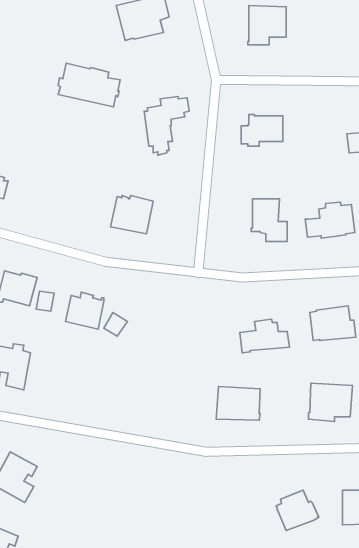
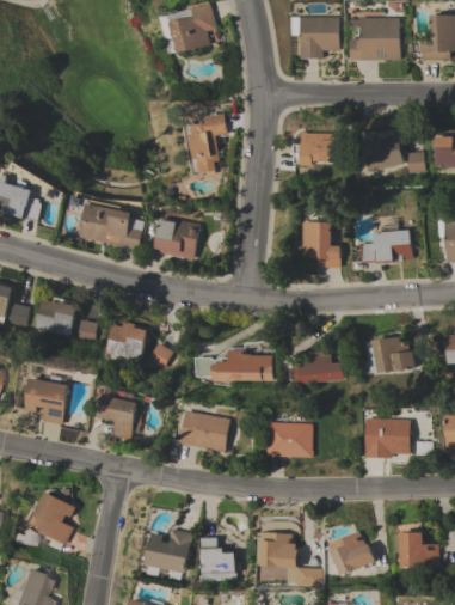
building: none -> [349,18,401,61]
building: [58,63,120,107] -> [79,203,145,250]
building: none -> [361,136,402,172]
building: none -> [195,350,270,381]
building: none -> [97,396,137,440]
building: none -> [180,411,229,452]
building: none -> [140,530,191,573]
building: none -> [254,532,321,587]
building: none -> [199,538,236,581]

